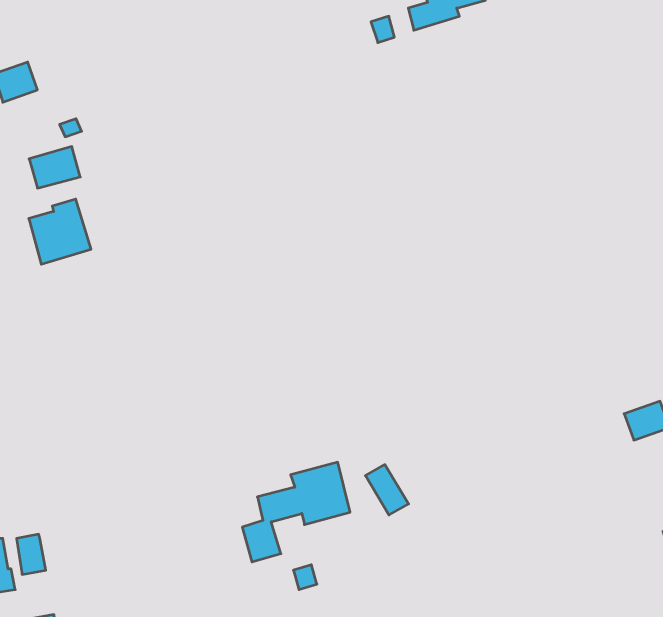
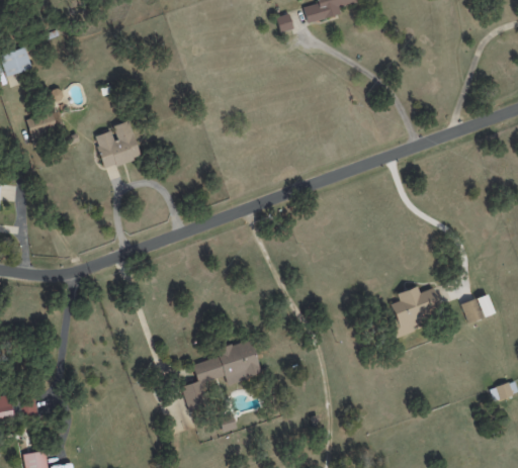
building: [29,199,91,264] -> [95,121,141,169]
building: none -> [391,286,441,337]
building: [365,465,409,515] -> none

